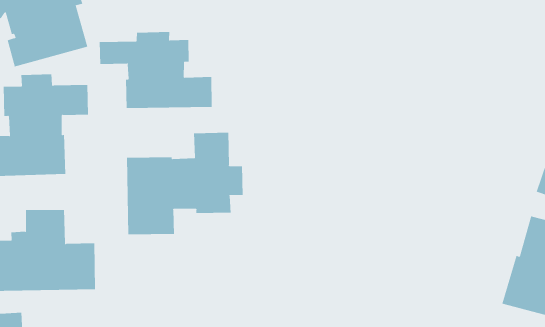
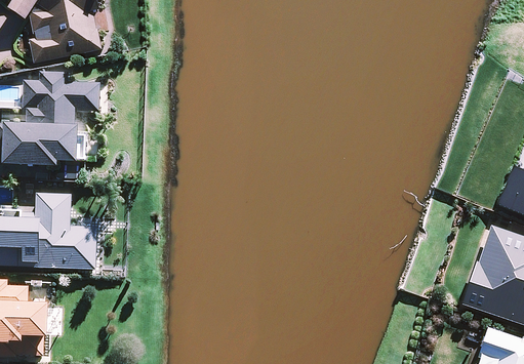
building: [99,31,212,109] -> none
building: [127,132,243,235] -> none

